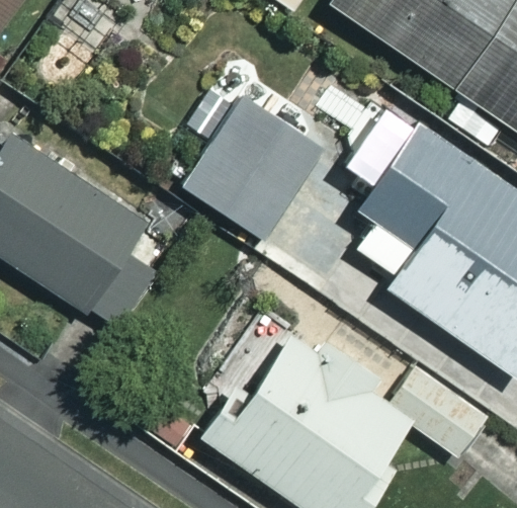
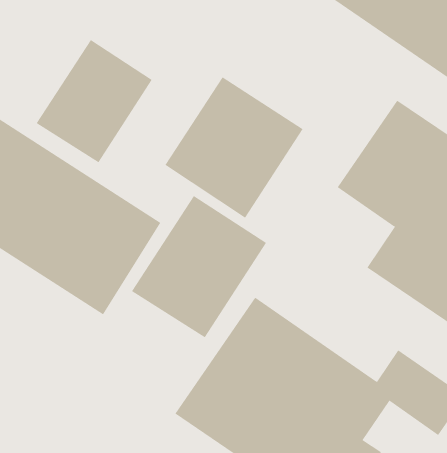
building: none -> [36,39,152,163]
building: none -> [131,195,267,338]

